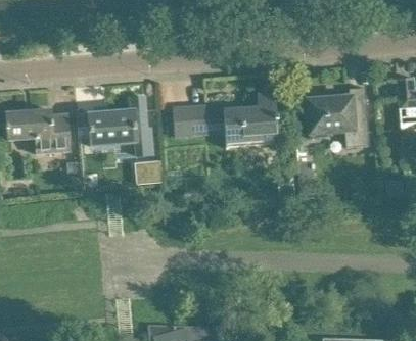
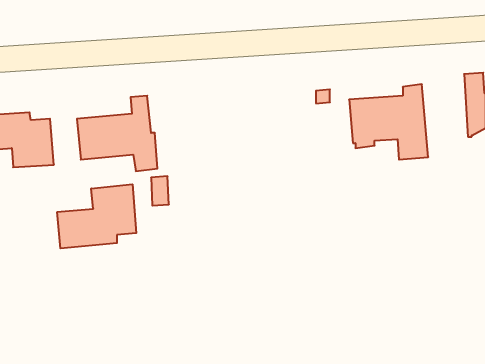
building: [172,93,277,146] -> none
building: none -> [57,184,136,248]

